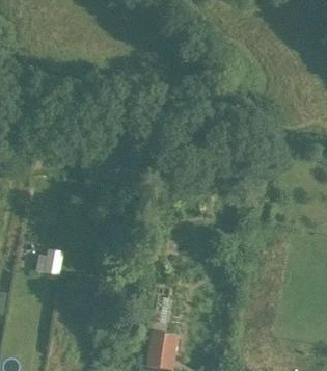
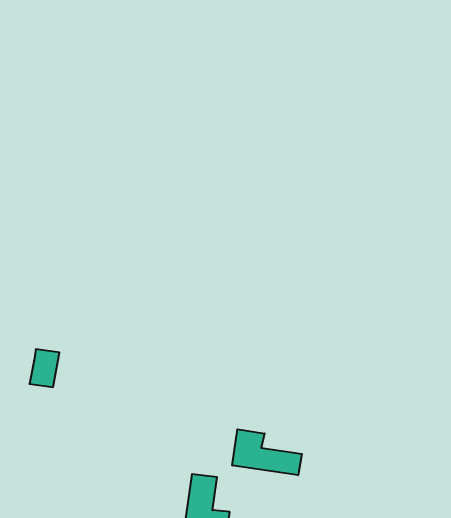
building: none -> [232,429,302,475]

